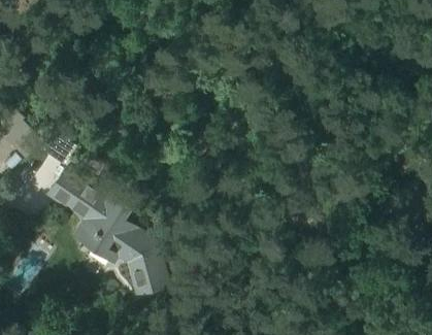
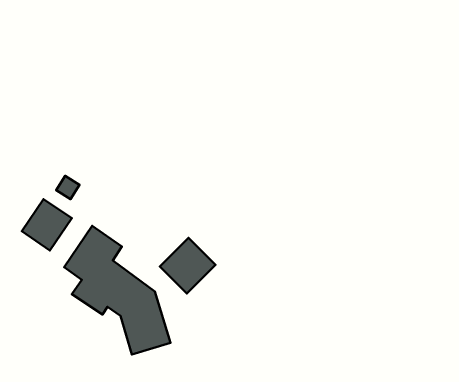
building: none -> [160,238,215,294]

